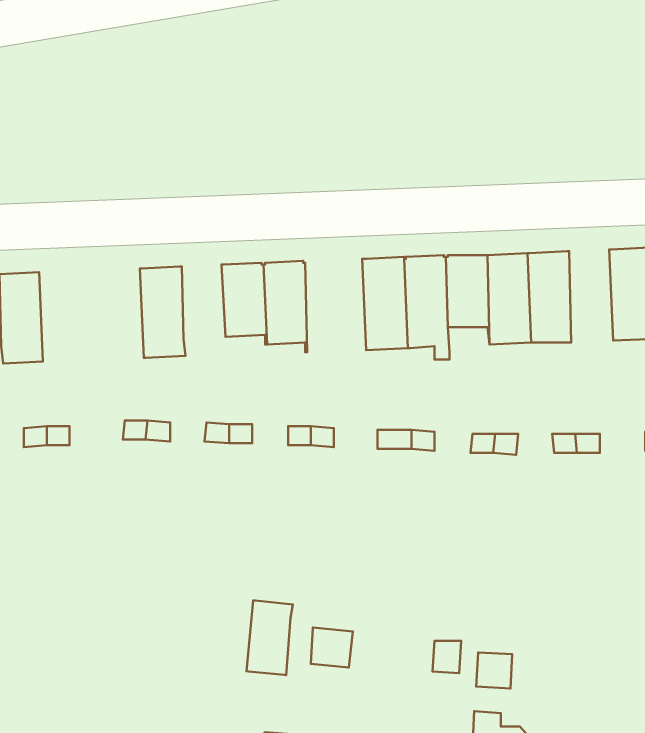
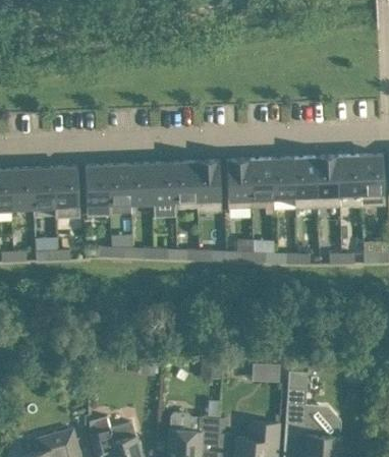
building: none -> [338,155,362,205]
building: none -> [197,160,221,210]
building: none -> [130,163,154,203]
building: none -> [86,165,110,214]
building: none -> [54,166,79,215]
building: [247,601,293,675] -> none

